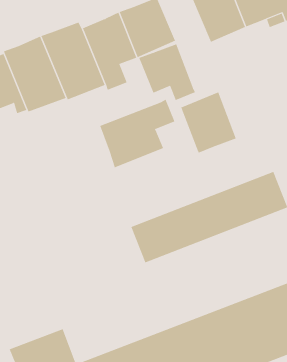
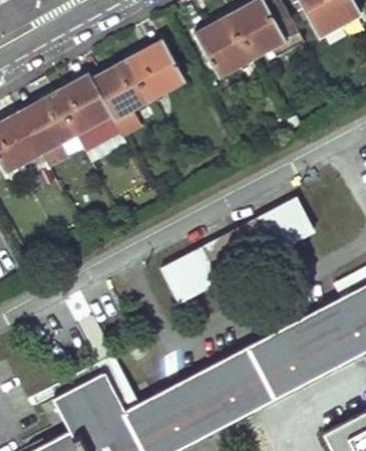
building: [139,44,196,101] -> none
building: [181,91,237,154] -> none
building: [100,99,175,168] -> none

